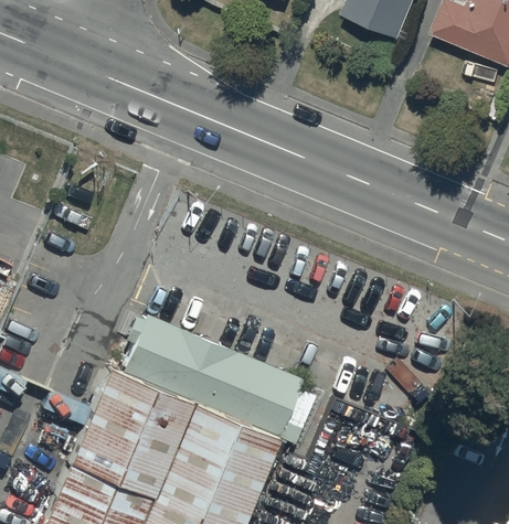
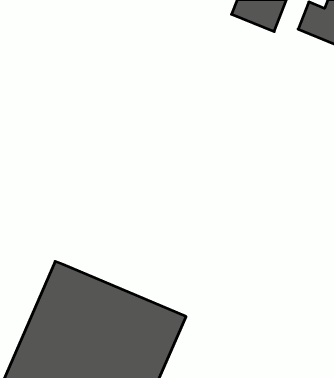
building: [123,299,311,426] -> none

